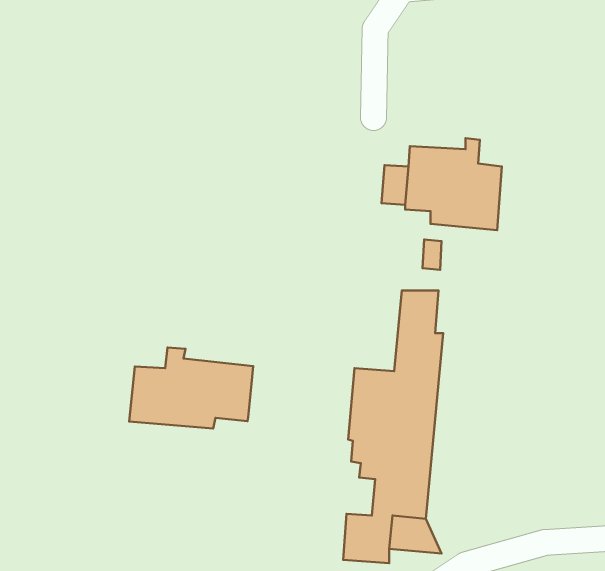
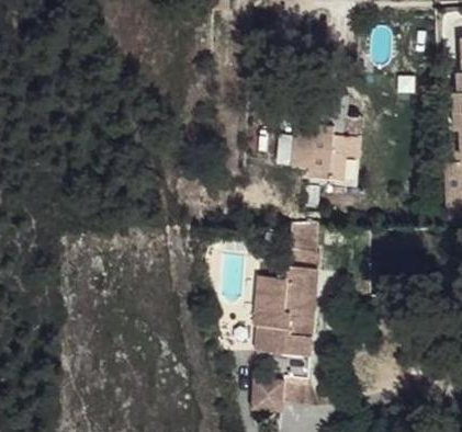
building: [129,348,253,429] -> none

